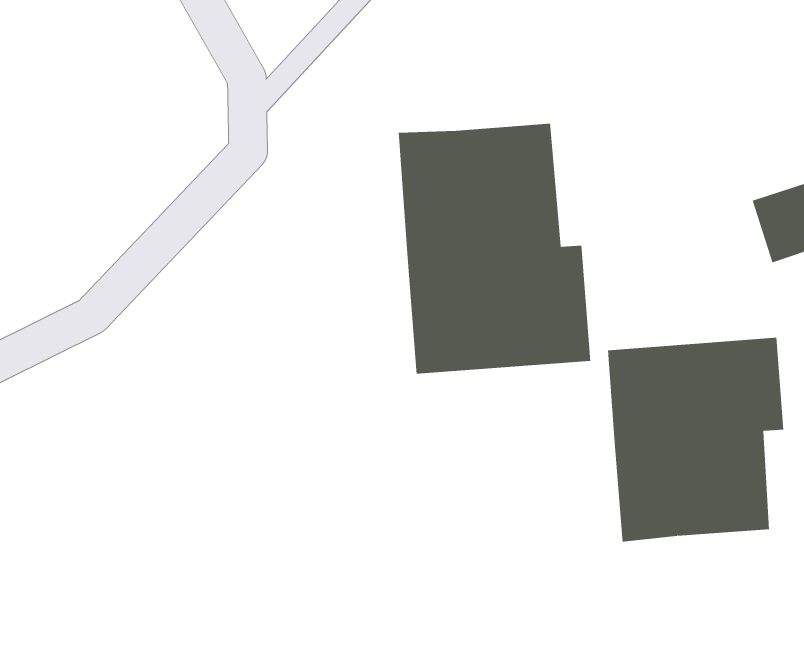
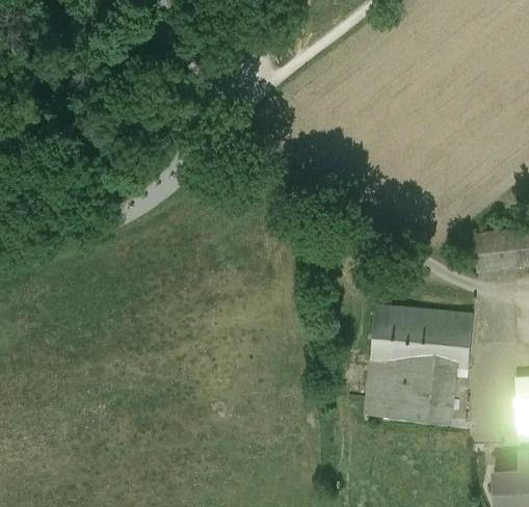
building: [398,123,591,374] -> none

